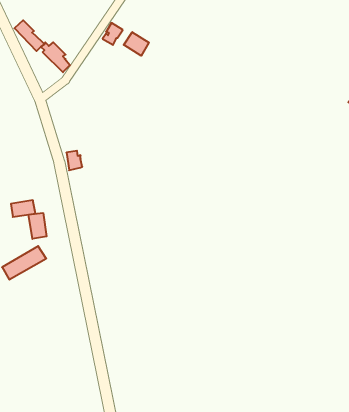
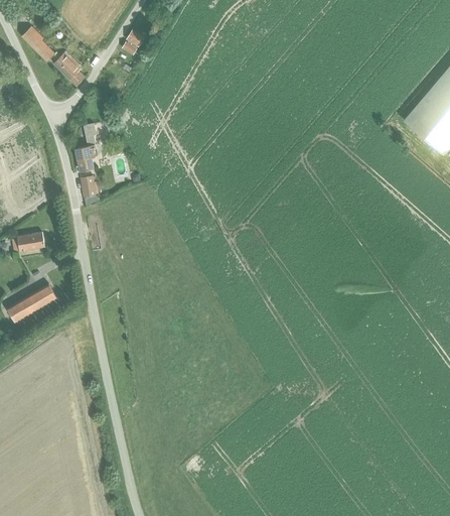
building: [124,32,149,56] -> none
building: none -> [76,123,97,171]
building: [29,213,47,239] -> none

